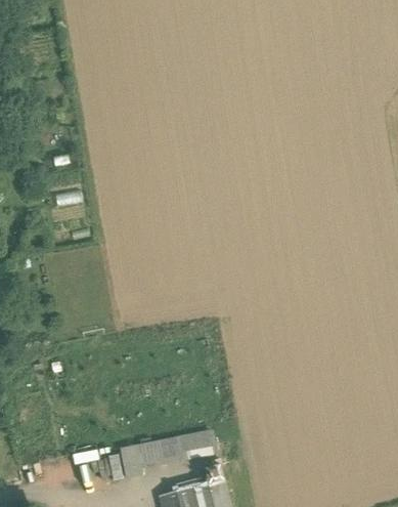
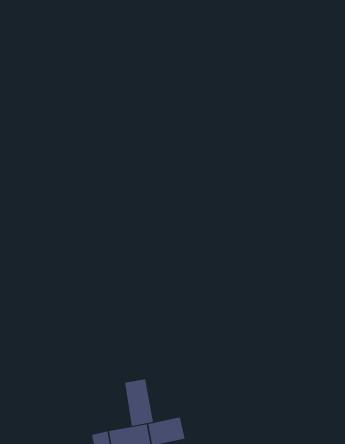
building: none -> [125,379,154,427]

